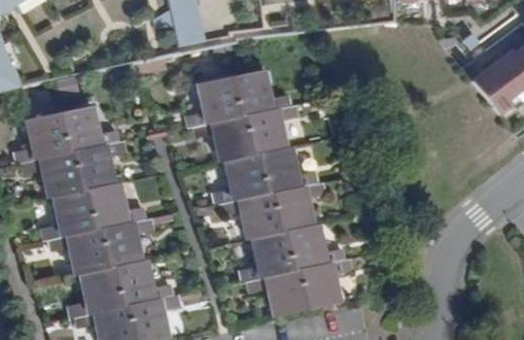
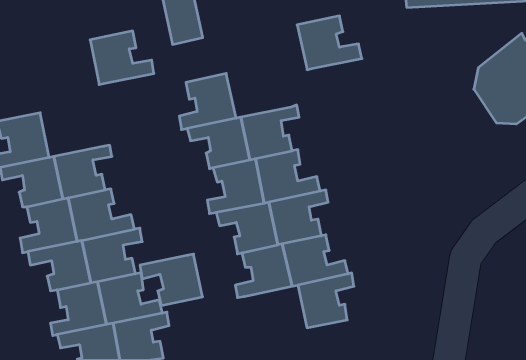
building: [233,67,292,116] -> [297,16,362,70]
building: [62,103,120,152] -> [90,31,154,85]
building: [249,270,307,317] -> [140,254,203,306]

